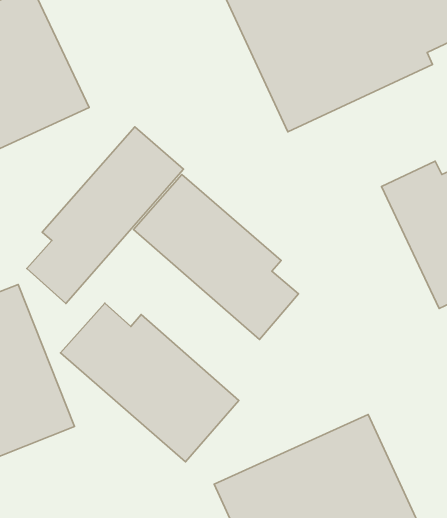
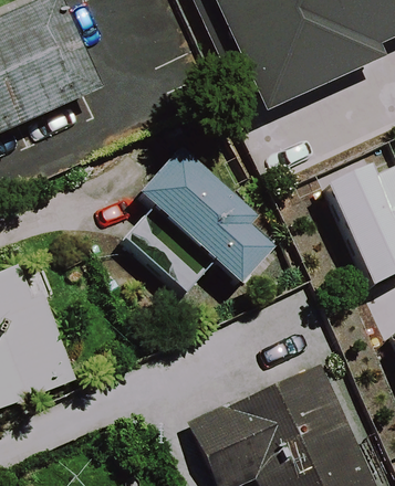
building: [27,127,183,304] -> none
building: [61,303,239,462] -> none

